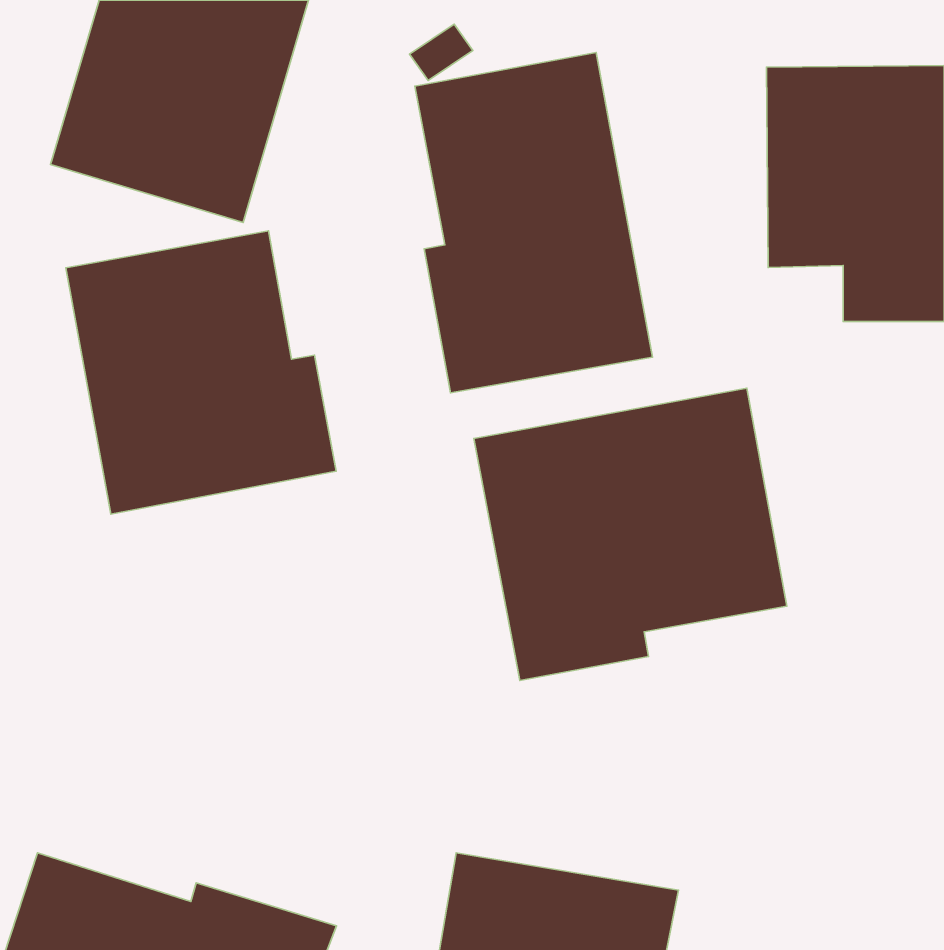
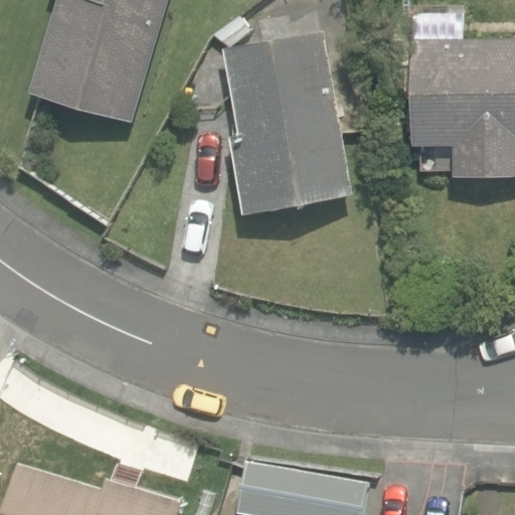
building: [66,231,336,514] -> none
building: [474,388,787,681] -> none

